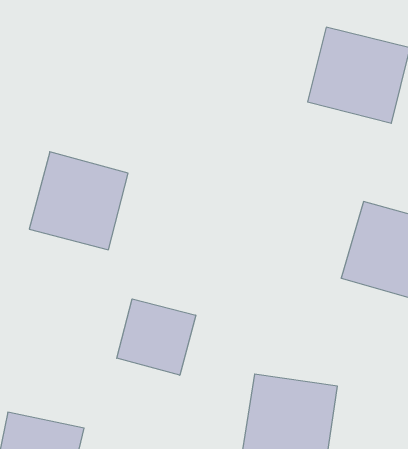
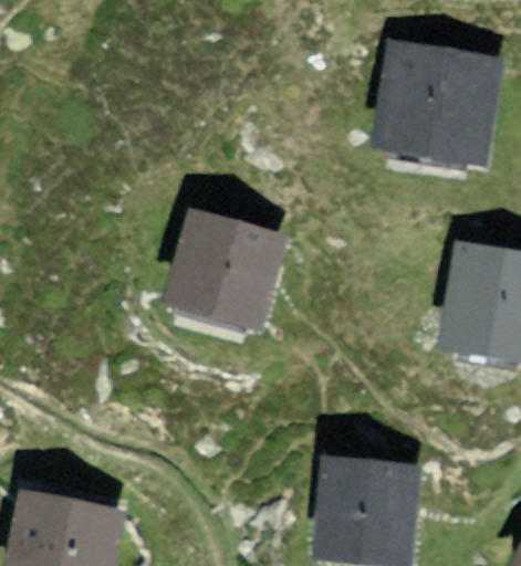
building: [29,152,128,250] -> [168,218,285,334]
building: [117,299,196,375] -> none

